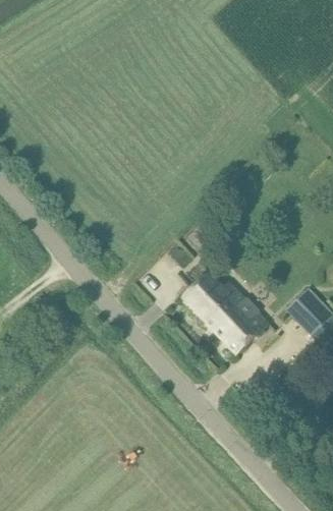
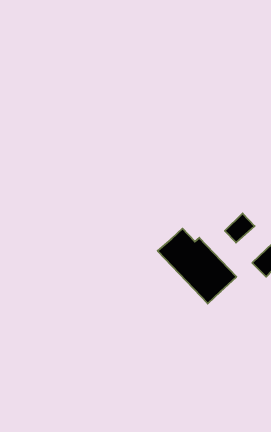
building: none -> [225,213,255,243]

